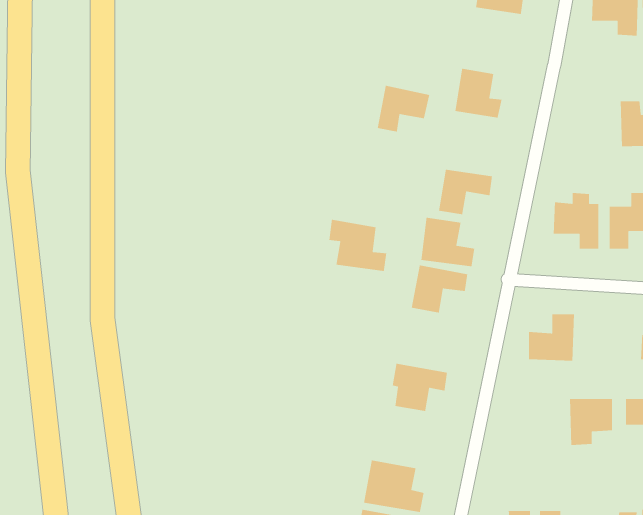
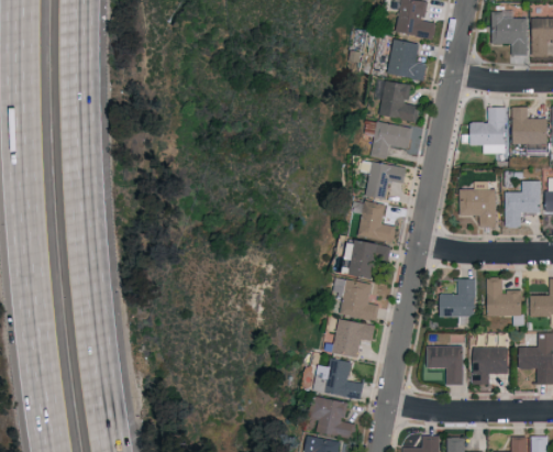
building: none -> [388,40,430,81]
building: [377,85,430,133] -> [372,122,414,161]
building: none -> [469,108,509,155]
building: [329,219,387,272] -> [333,278,380,321]
building: none -> [485,278,522,317]
building: none -> [429,346,466,385]
building: none -> [314,360,364,399]

